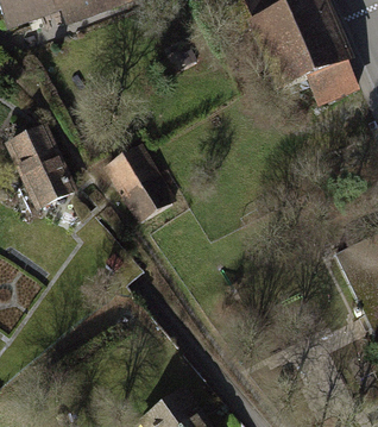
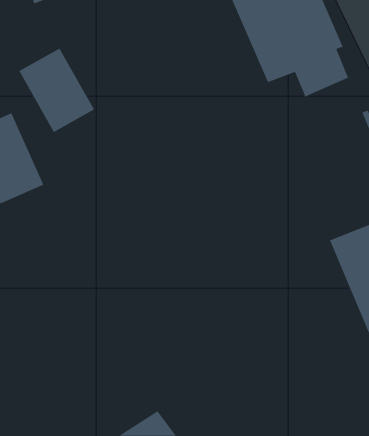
building: [100,146,170,225] -> [19,48,95,133]

